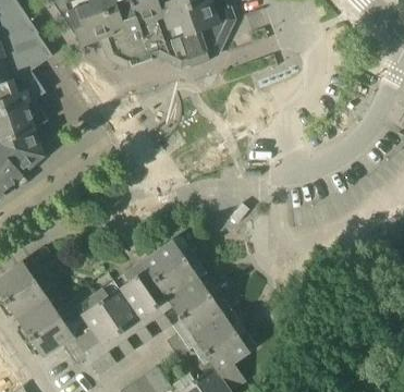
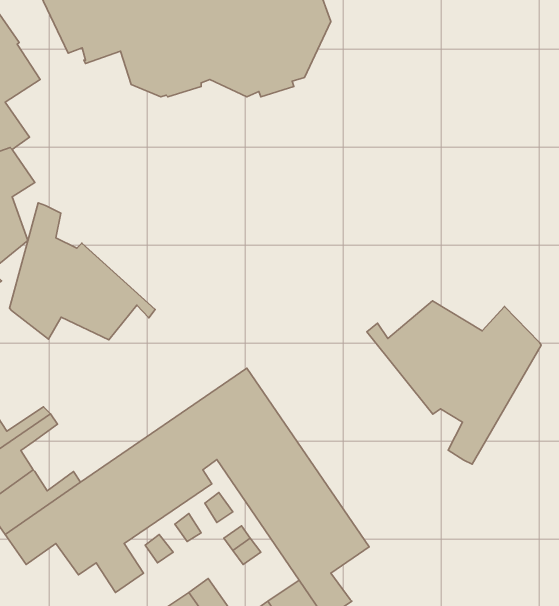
building: none -> [9,203,155,340]
building: none -> [367,301,541,464]

